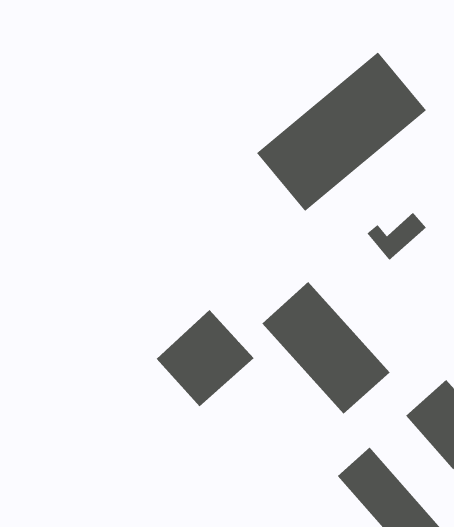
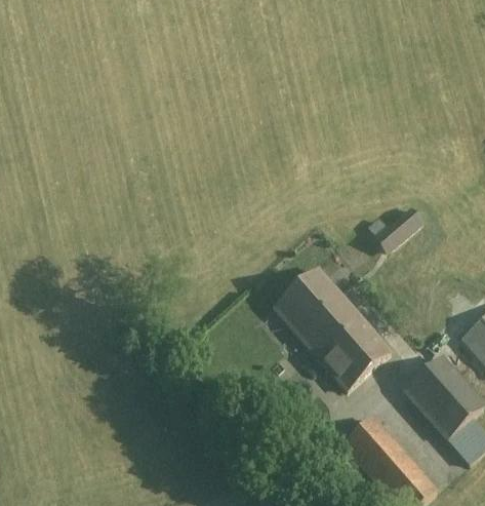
building: [256,52,427,212] -> none
building: [156,309,255,407] -> none

